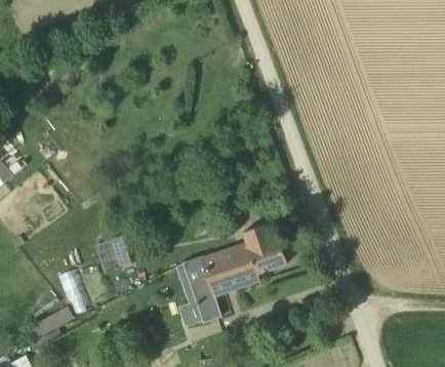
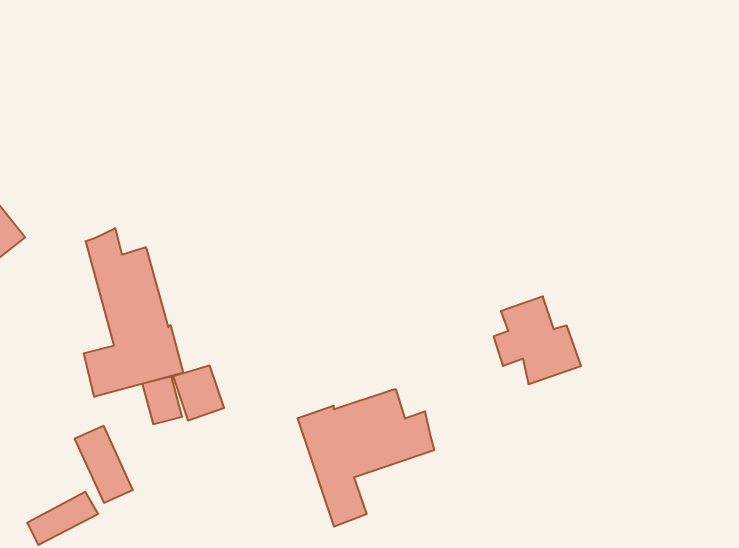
building: none -> [84,228,183,397]
building: [233,227,282,276] -> [494,296,581,384]

